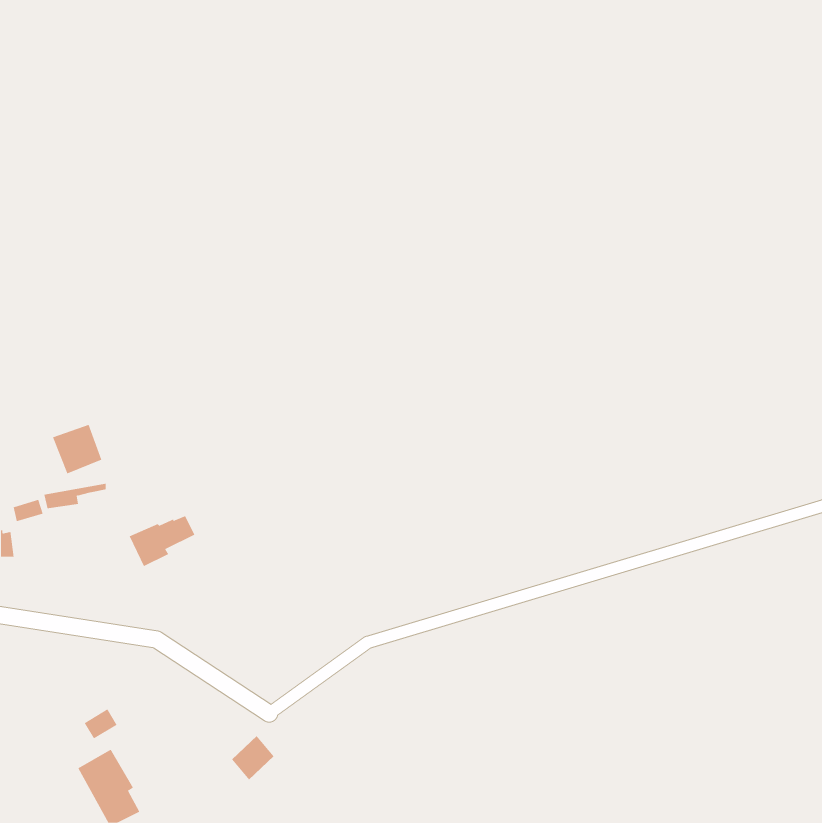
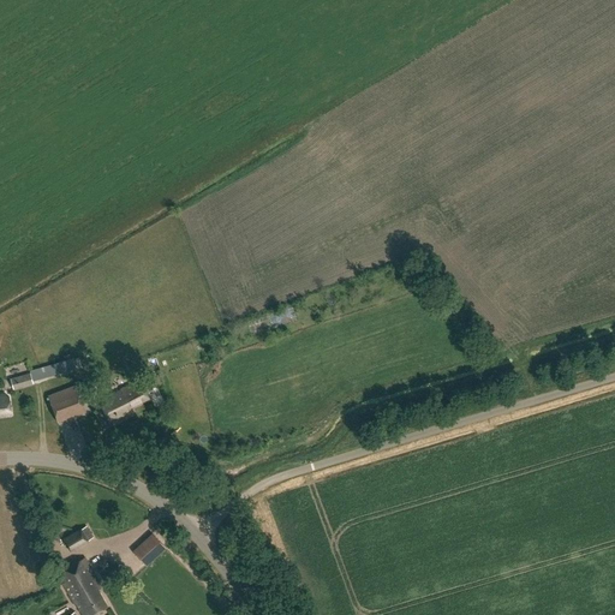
building: [52,424,102,474] -> [48,386,85,423]
building: [231,735,275,780] -> [133,532,166,566]

